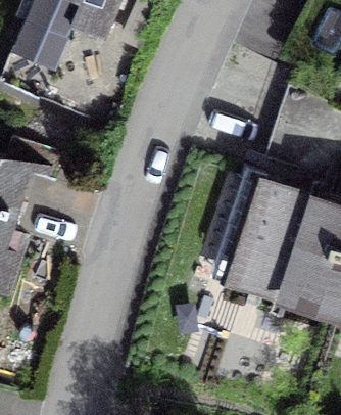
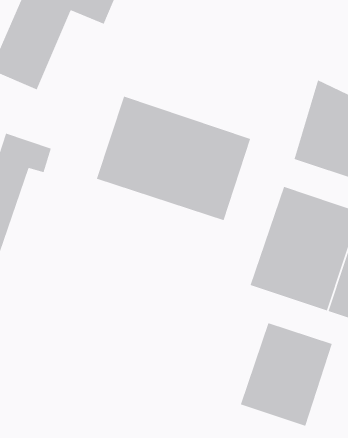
building: none -> [96,95,251,221]
building: none -> [240,322,333,427]

